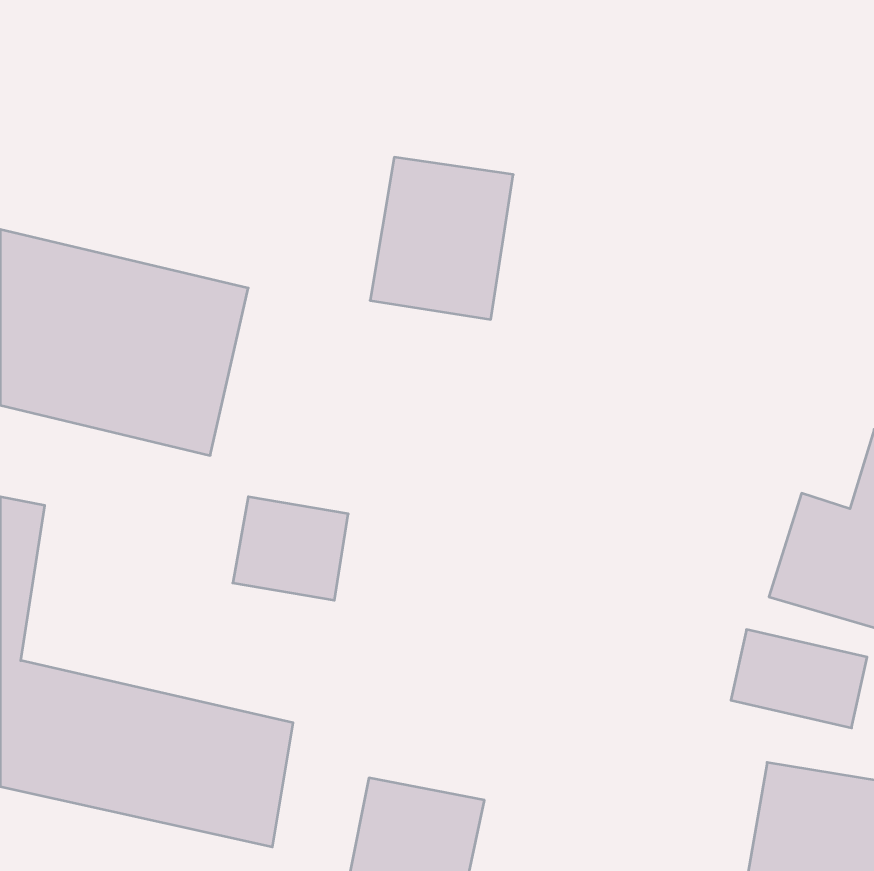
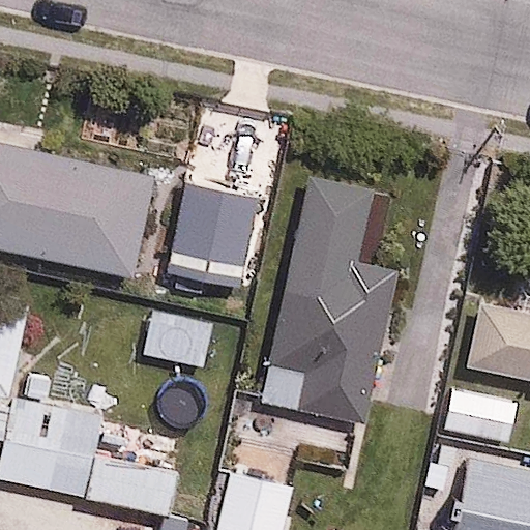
building: [370,157,513,319] -> [173,190,259,288]
building: none -> [257,204,395,417]

